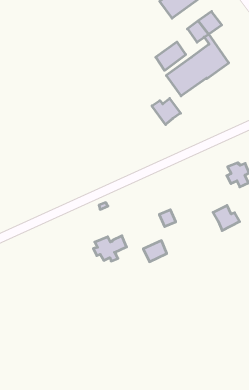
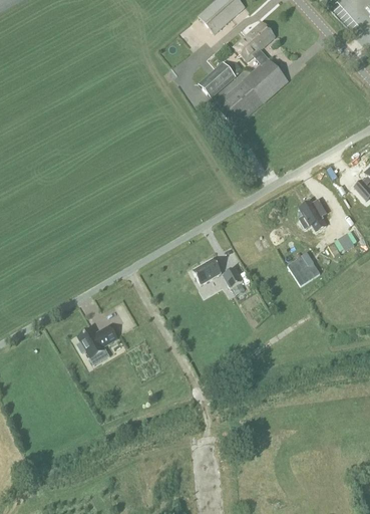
building: [152,98,181,125] -> none
building: [93,236,127,261] -> [77,323,117,355]
building: [143,241,167,262] -> [193,256,222,283]

